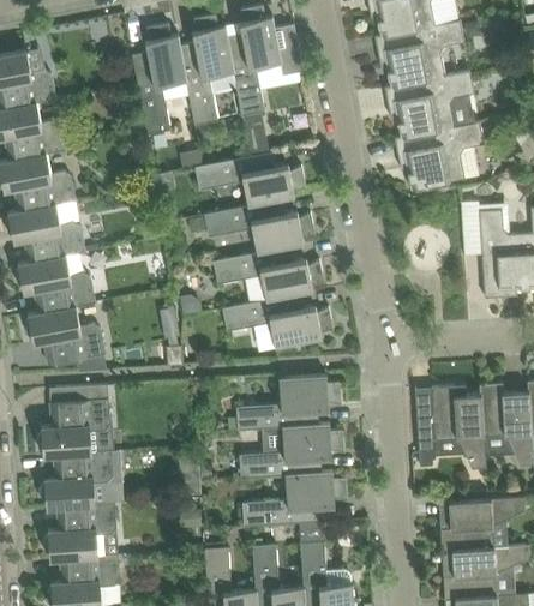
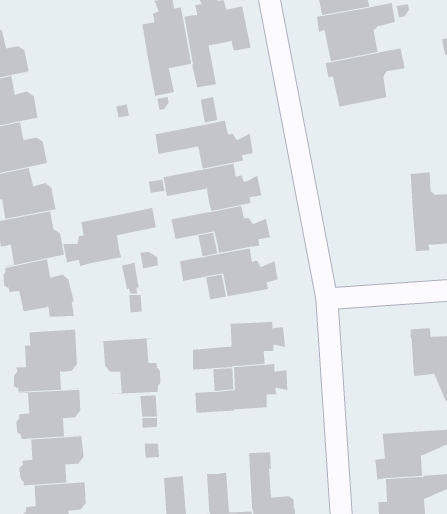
building: [132,23,187,134] -> none
building: [395,121,485,190] -> none
building: [461,203,482,256] -> none
building: none -> [63,207,156,267]
building: [415,386,487,469] -> none
building: none -> [103,337,161,395]
building: [242,470,348,526] -> none

